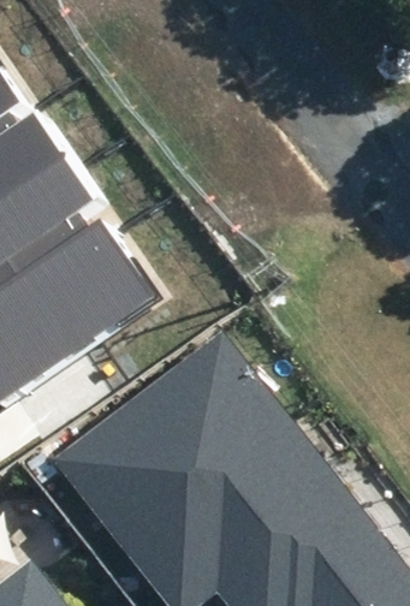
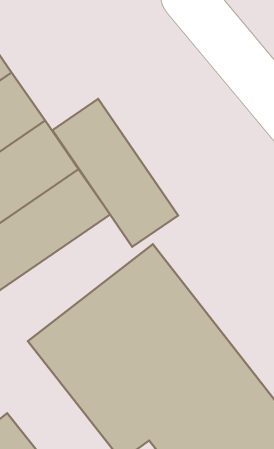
building: none -> [52,99,178,247]

